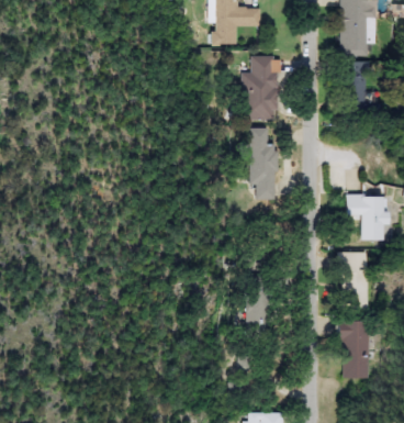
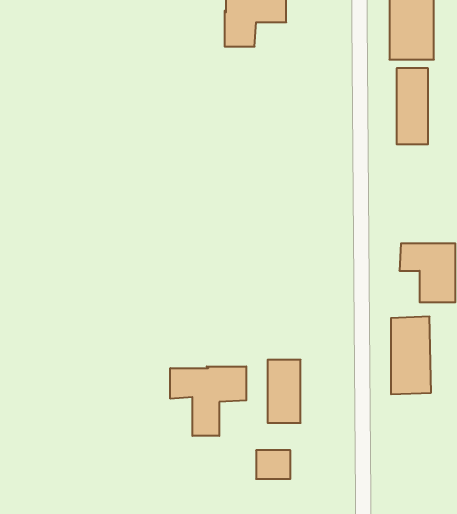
building: [242,55,277,119] -> none
building: [249,127,276,199] -> none
building: none -> [170,366,246,436]
building: [343,321,372,379] -> none

